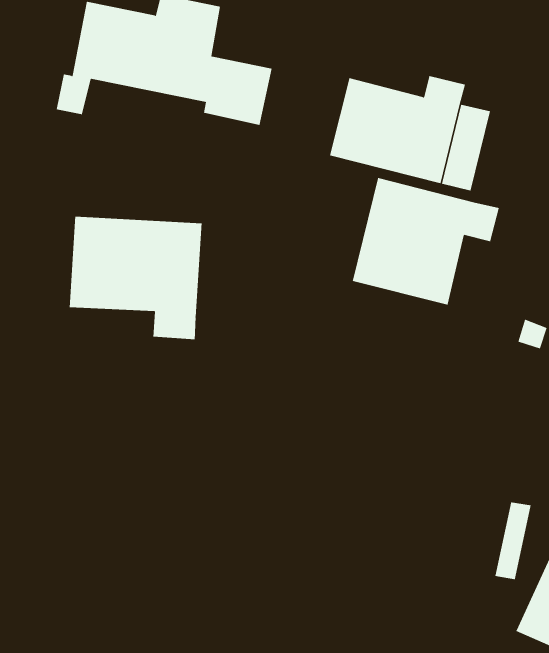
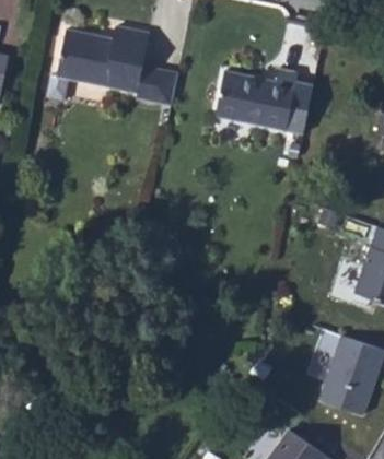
building: [352,177,500,305] -> none
building: [69,216,202,340] -> none

